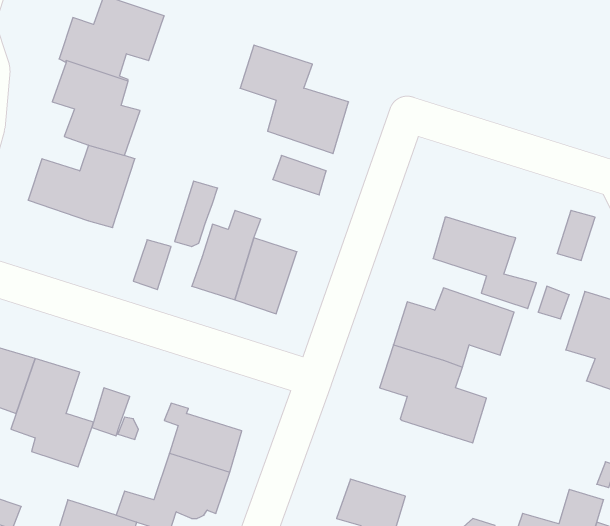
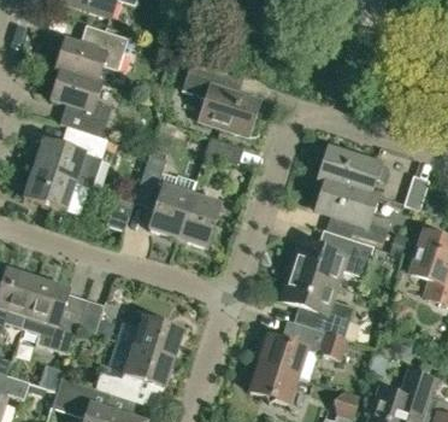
building: none -> [319,146,388,192]
building: none -> [24,166,76,210]
building: none -> [259,321,348,377]

